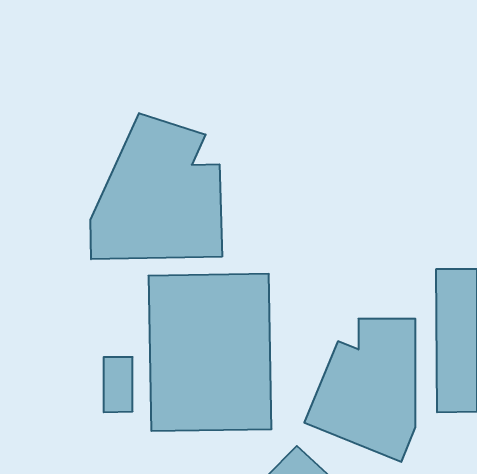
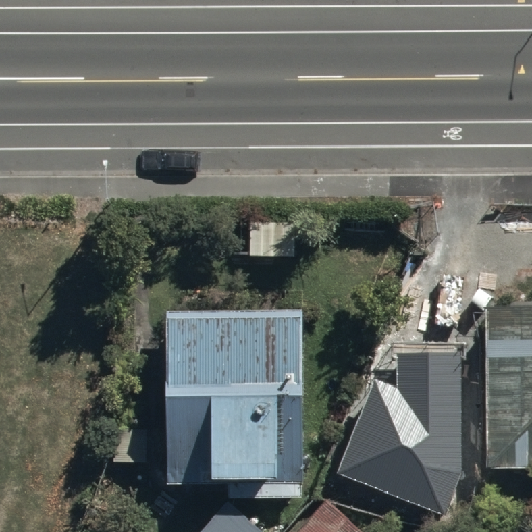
building: [90,113,222,259] -> none

